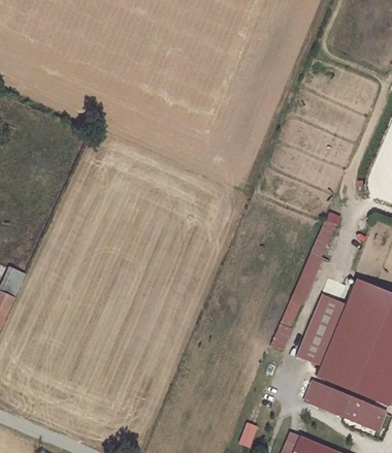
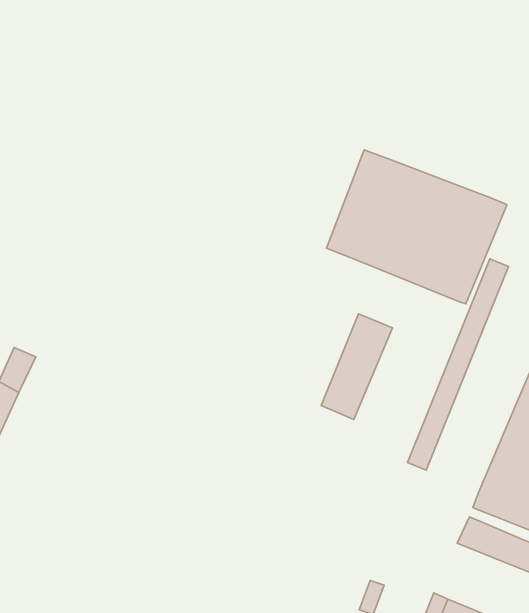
building: none -> [326,150,507,304]
building: [297,294,345,364] -> [321,314,393,419]

